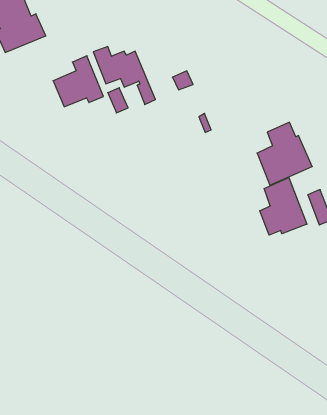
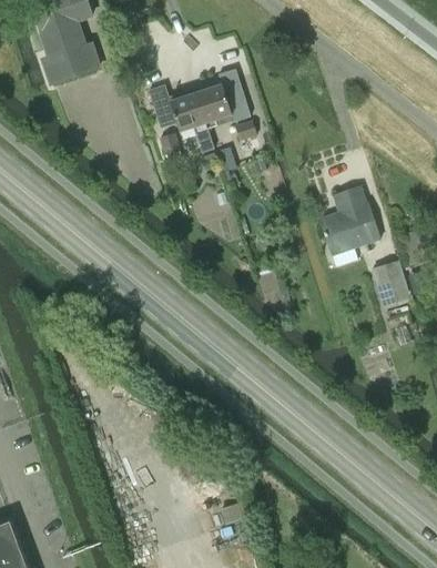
building: [53,56,103,107] -> [196,70,251,124]
building: [260,178,307,235] -> none

